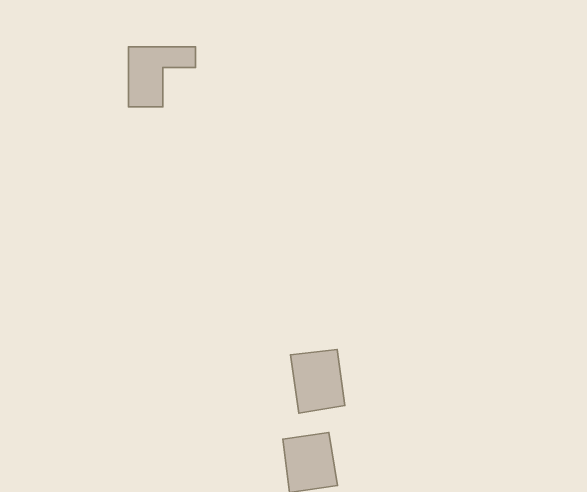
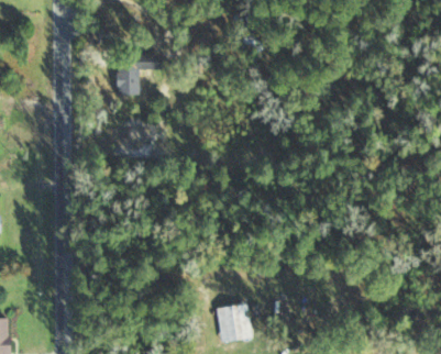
building: [291,349,345,413] -> none

